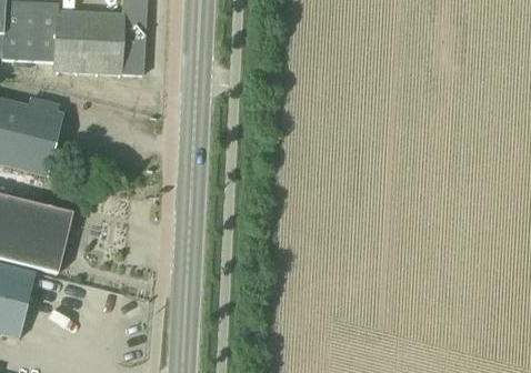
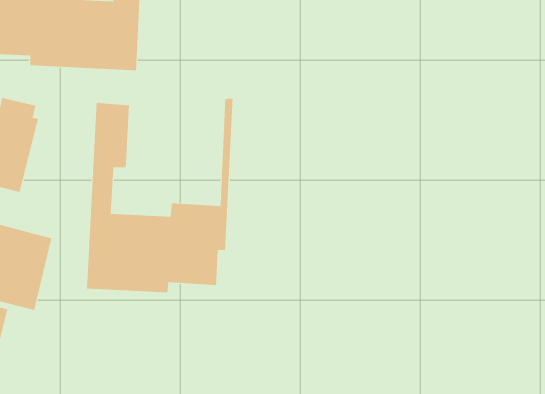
building: none -> [86,98,233,293]

